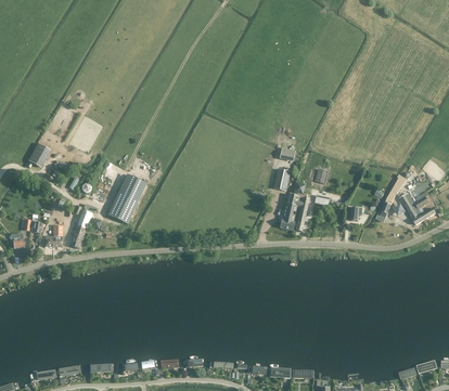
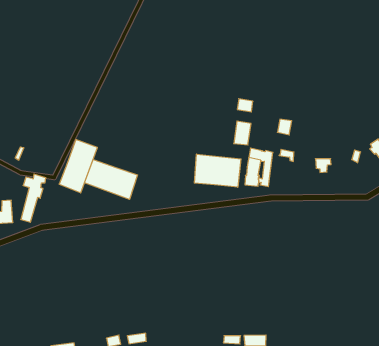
building: none -> [84,159,137,199]
building: none -> [194,154,241,187]

